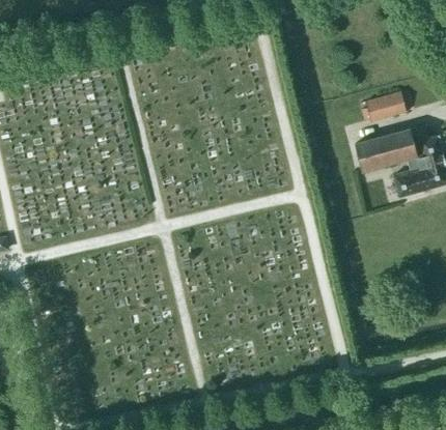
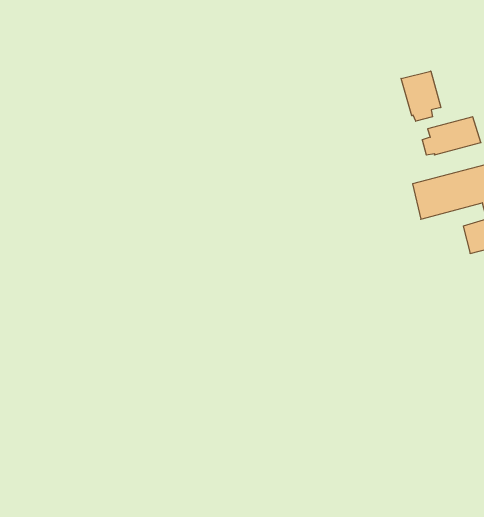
building: none -> [401,71,441,121]

